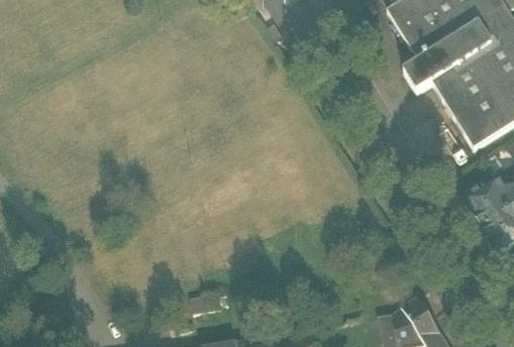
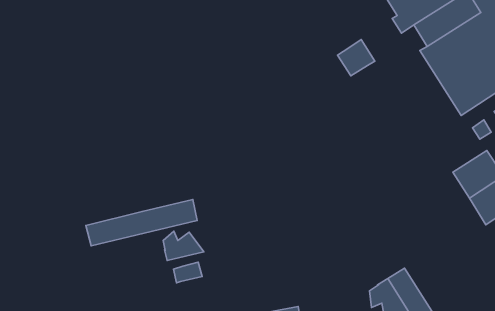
building: [403,57,439,93] -> [338,40,375,76]
building: none -> [86,199,197,246]
building: none -> [163,231,204,261]

